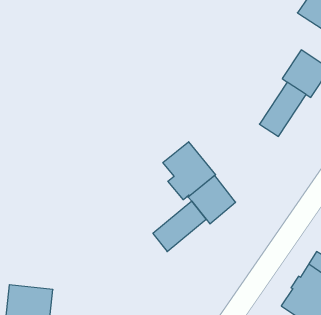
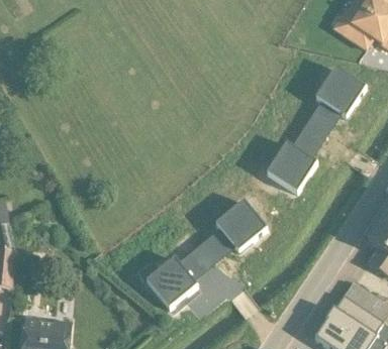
building: none -> [266,142,316,193]
building: [163,142,216,200] -> none
building: none -> [146,256,197,308]

